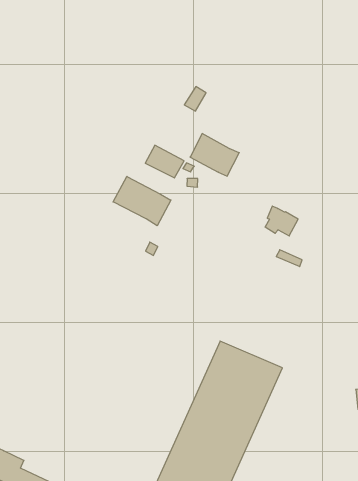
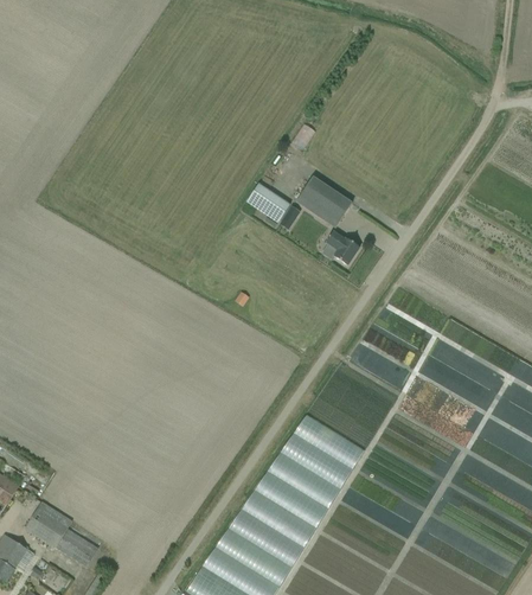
building: [113,176,171,226] -> none
building: [265,206,298,236] -> [318,229,355,264]

